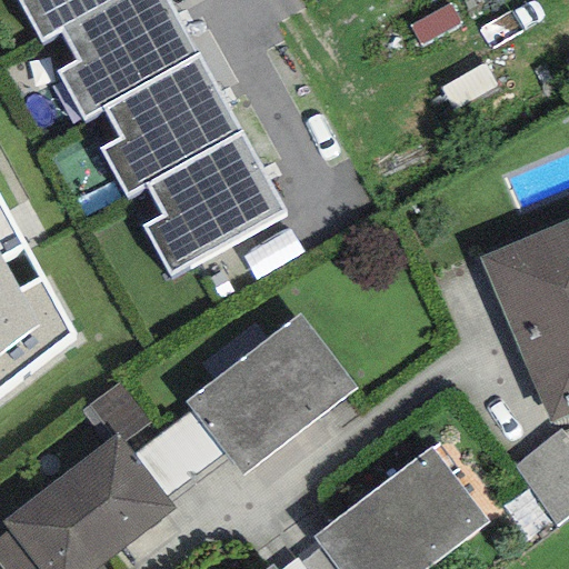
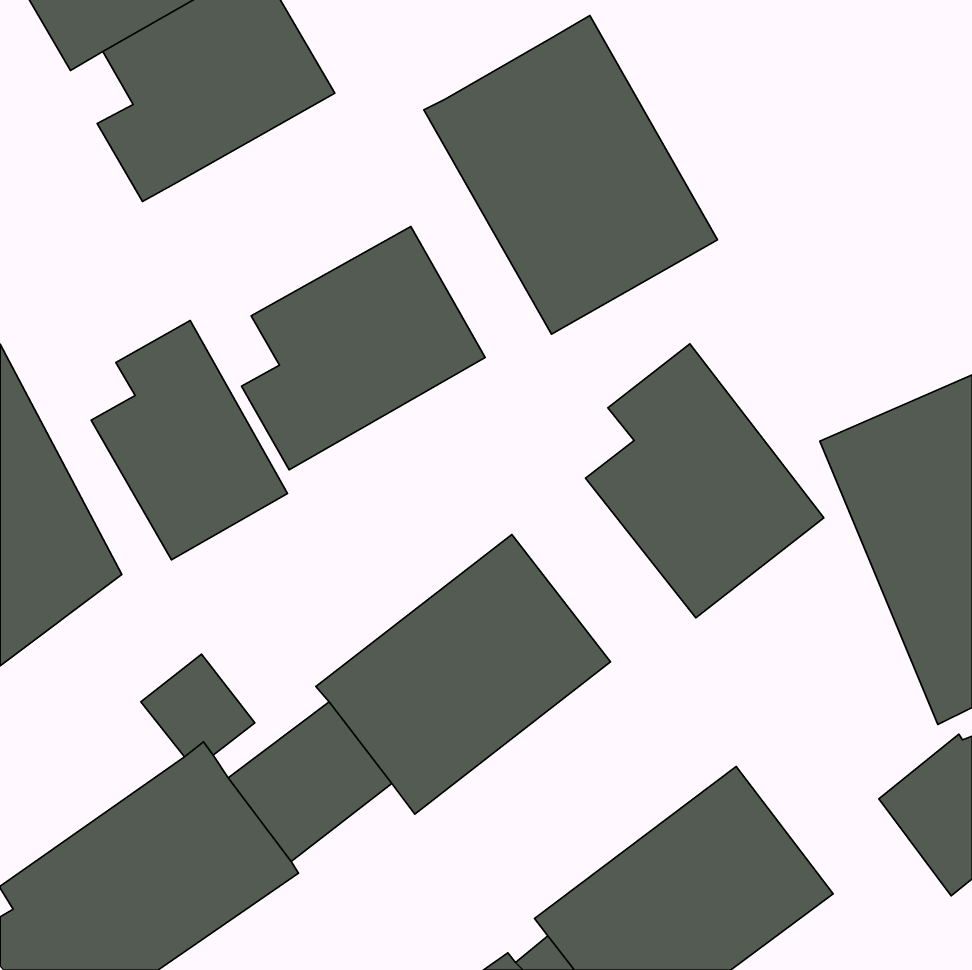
building: none -> [424,15,717,334]
building: [101,54,240,196] -> none
building: none -> [91,320,288,560]
building: none -> [585,344,824,618]

